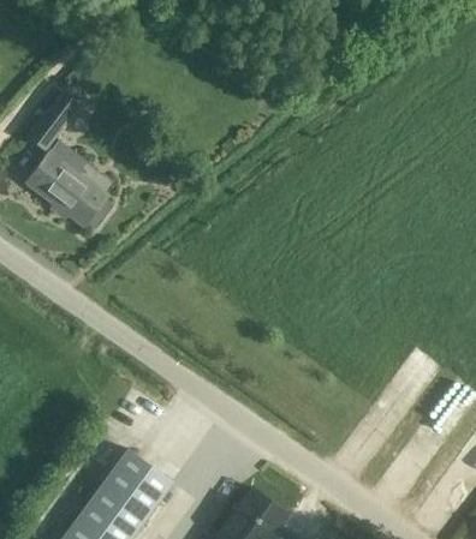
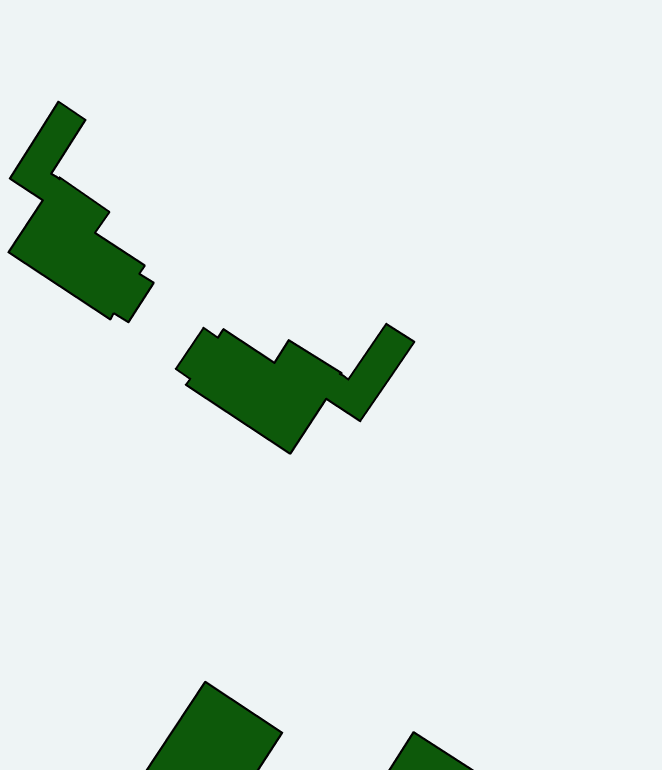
building: none -> [176,324,414,454]

